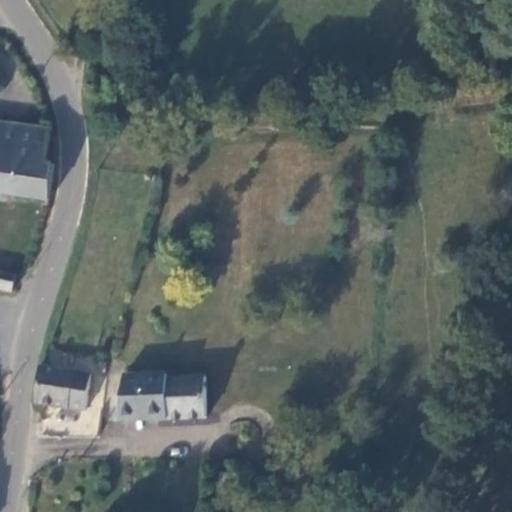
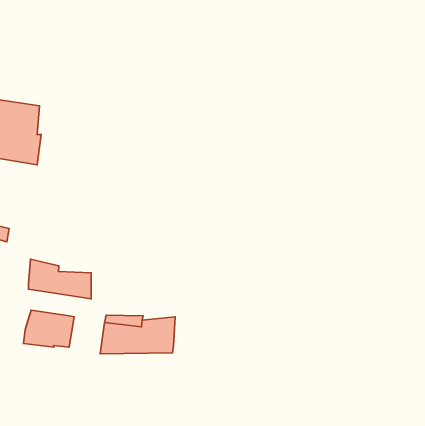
building: none -> [29,259,91,299]

